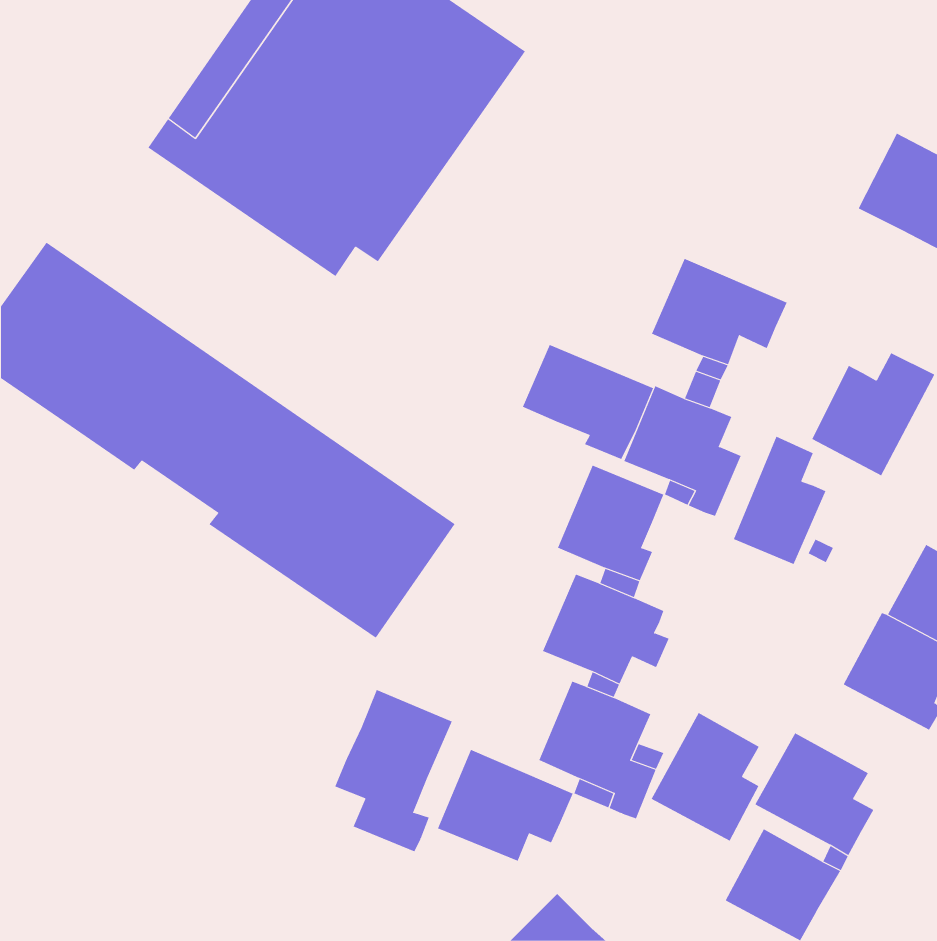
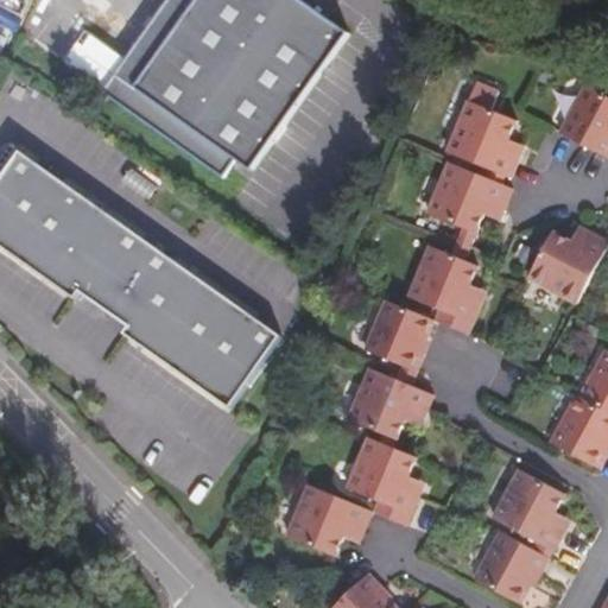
building: none -> [442,81,522,178]
building: [522,344,654,460] -> none
building: [733,436,826,565] -> none
building: [334,689,452,852] -> none
building: [651,712,759,841] -> none

